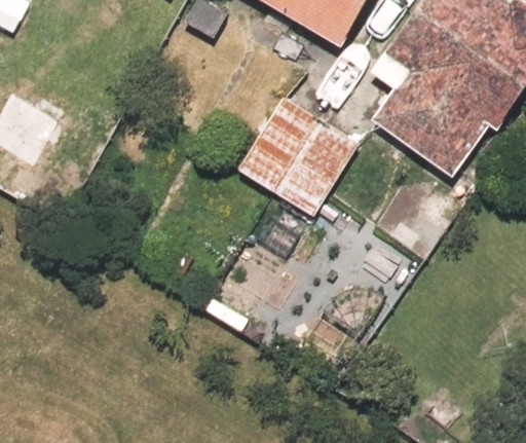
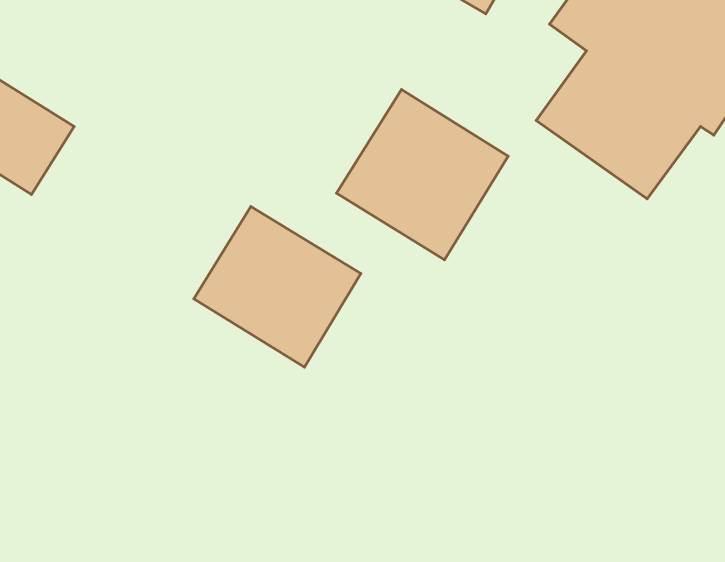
building: none -> [194,206,361,367]

